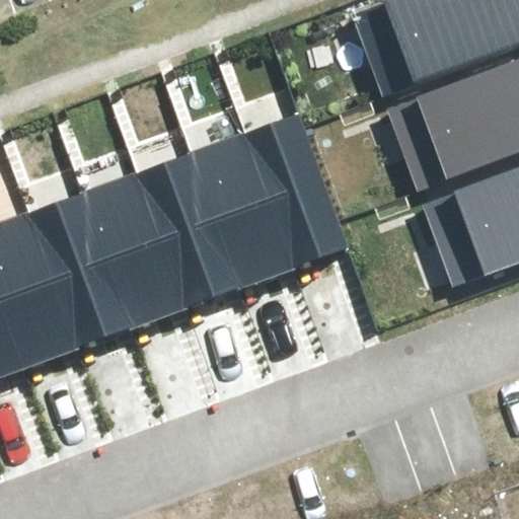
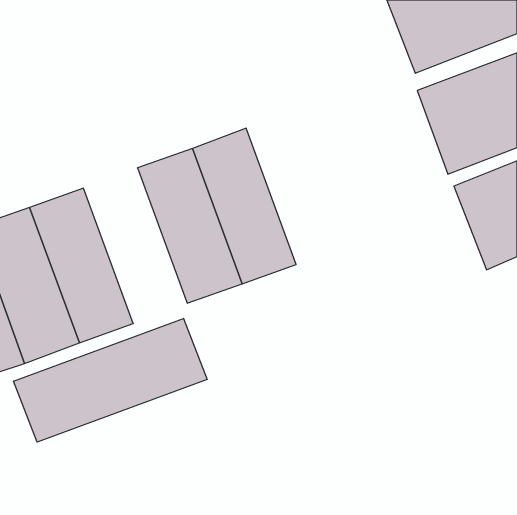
building: [245,114,349,269] -> none
building: [83,172,187,327] -> none
building: none -> [14,318,207,442]

